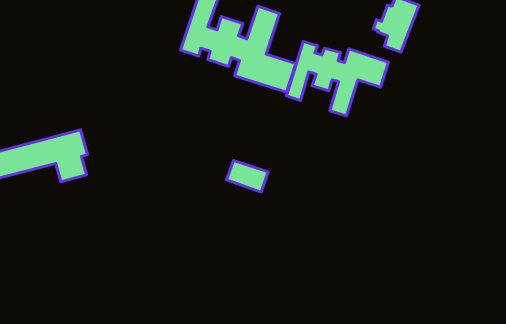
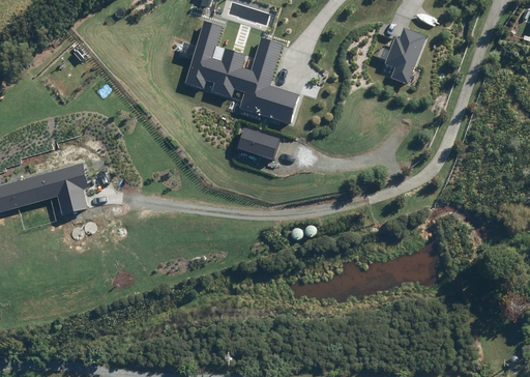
building: [286,41,389,116] -> none
building: [226,161,268,192] -> [238,128,281,161]

